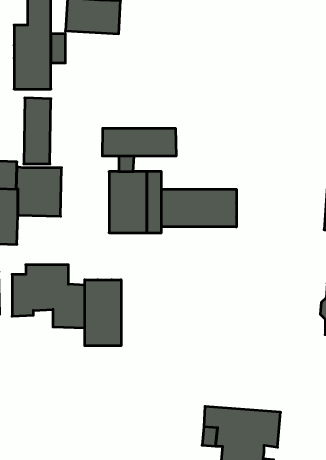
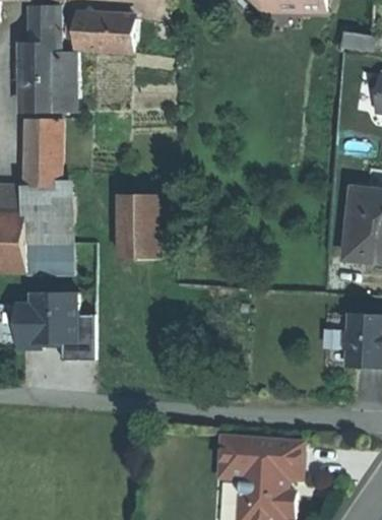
building: [102,128,176,156] -> none
building: [161,189,236,227] -> none
building: none -> [22,242,68,273]
building: [85,280,121,346] -> none

